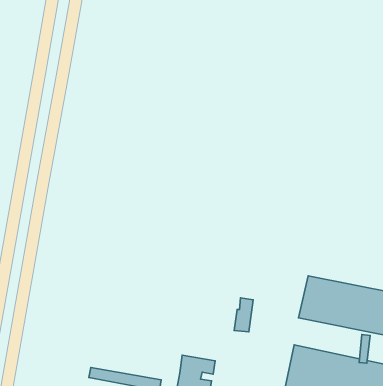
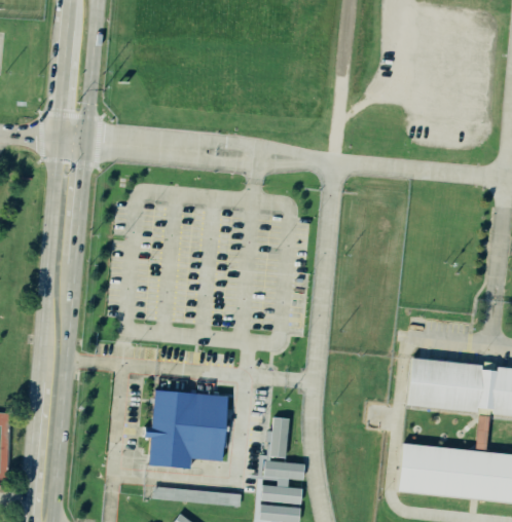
building: none -> [146,390,229,469]
building: [234,298,253,332] -> [269,420,289,460]

